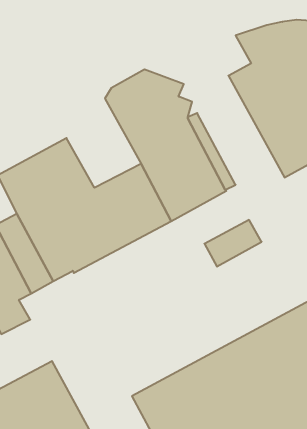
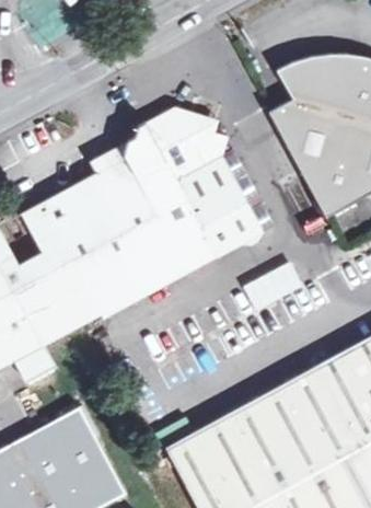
building: none -> [95,134,174,228]

